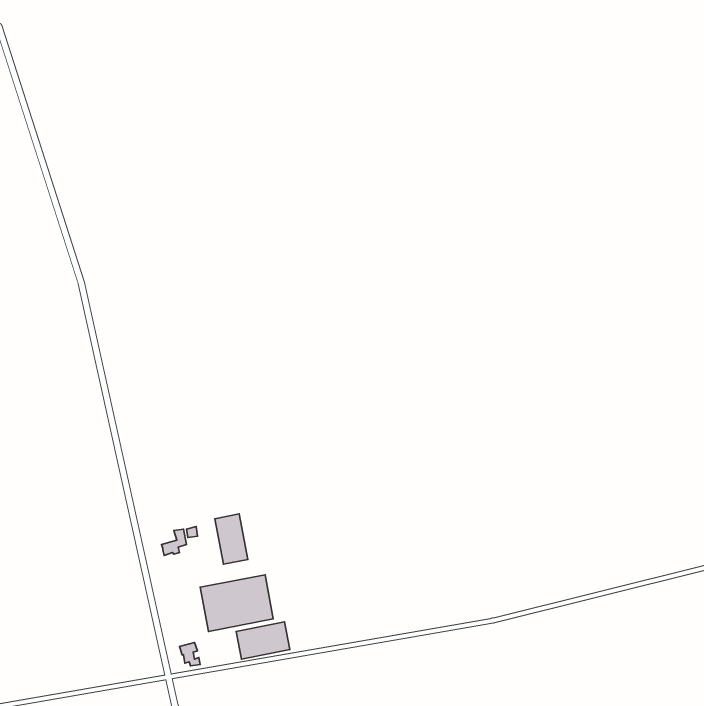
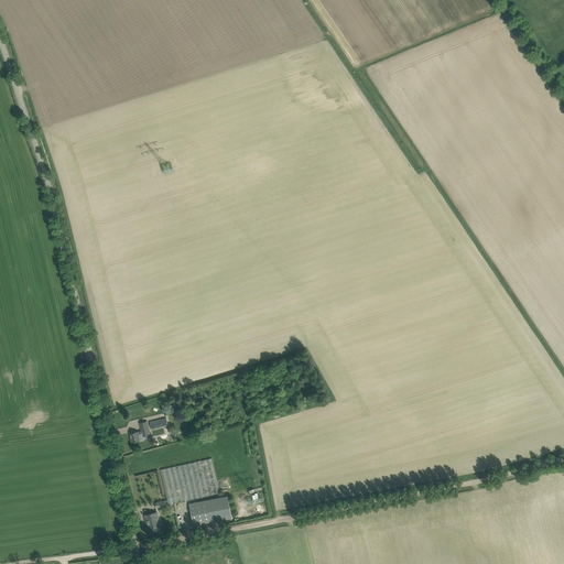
building: [215,514,248,564] -> none

